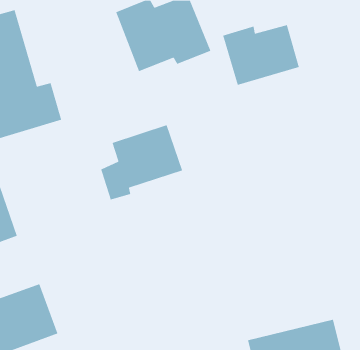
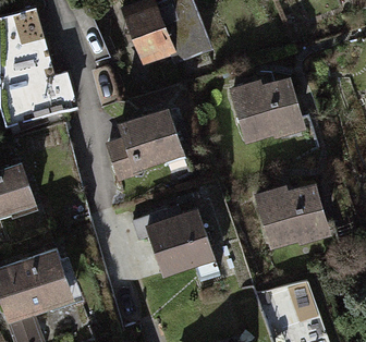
building: [222,24,300,86] -> [233,84,302,138]
building: none -> [258,190,327,244]
building: none -> [133,207,220,282]

